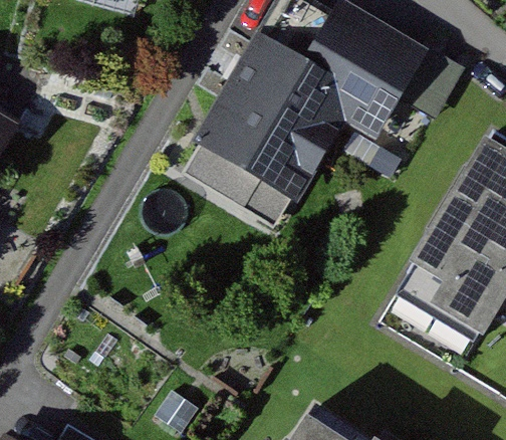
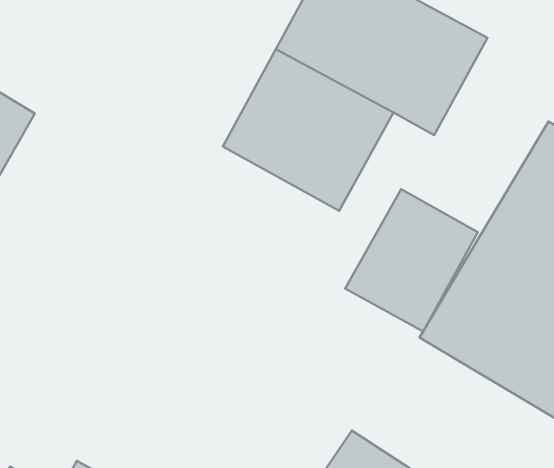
building: none -> [345,189,478,332]

